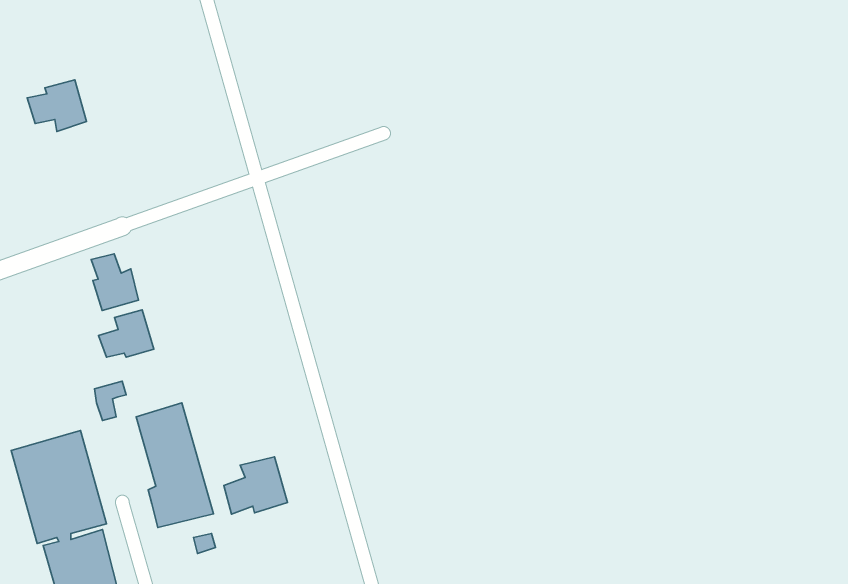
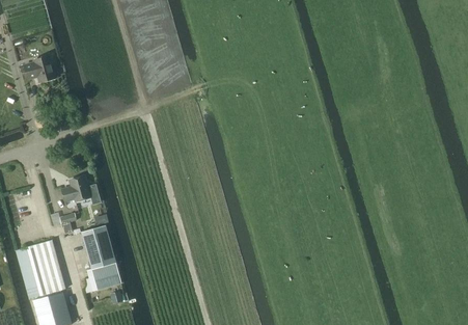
building: [91,254,139,311] -> none
building: [224,457,288,514] -> none

